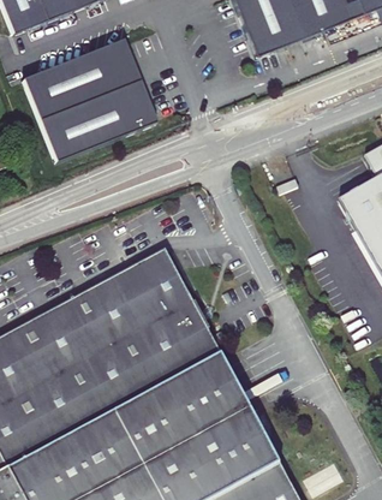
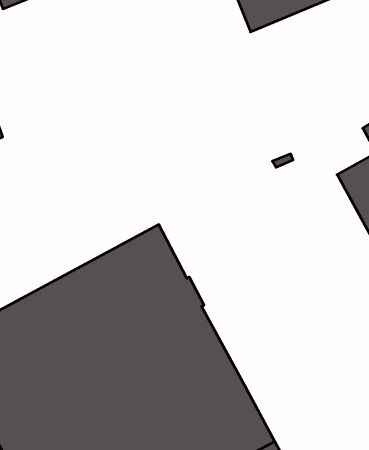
building: [20,38,156,162] -> none

